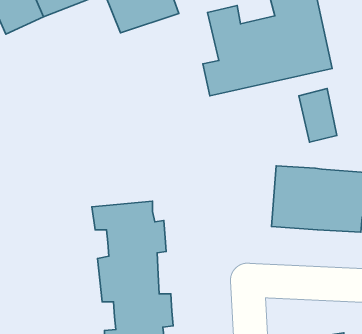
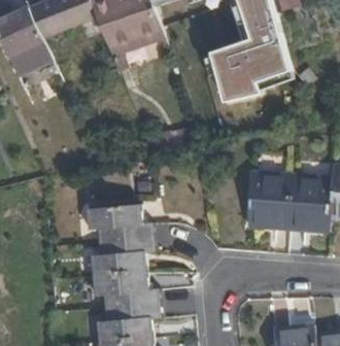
building: none -> [8,38,53,76]
building: [299,89,337,142] -> none

